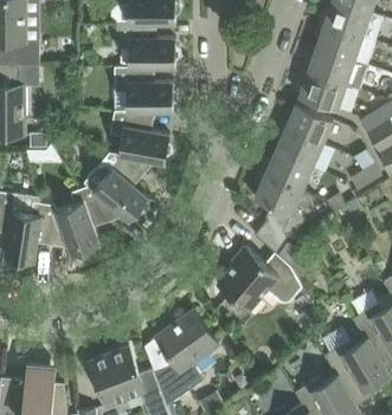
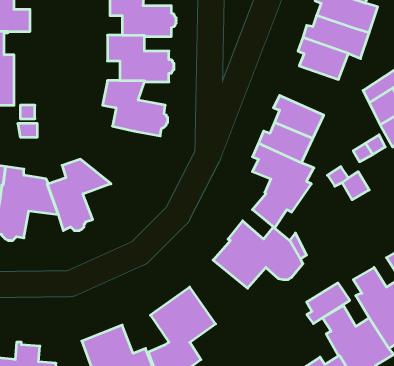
building: [279,105,333,145] -> none
building: [83,154,148,222] -> none
building: none -> [307,283,350,324]

